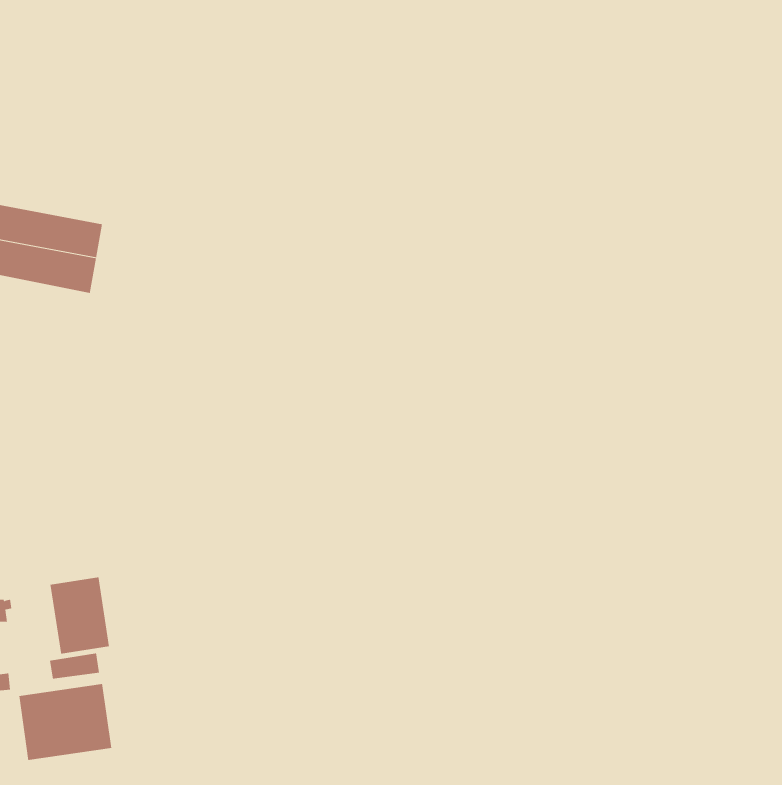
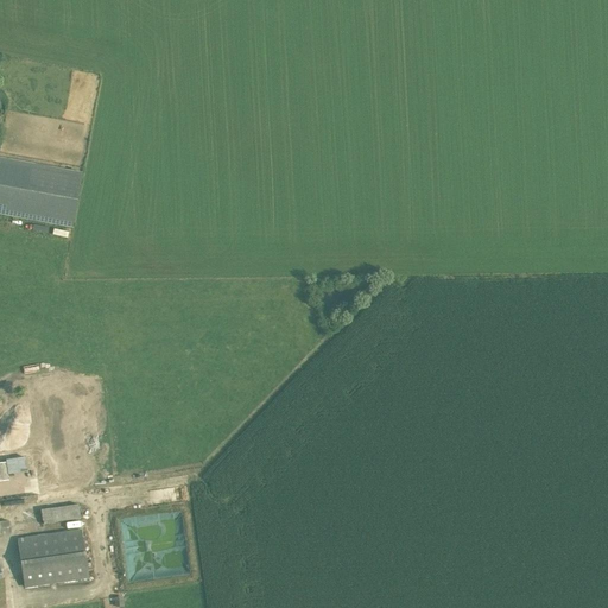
building: [50,576,110,654] -> none

